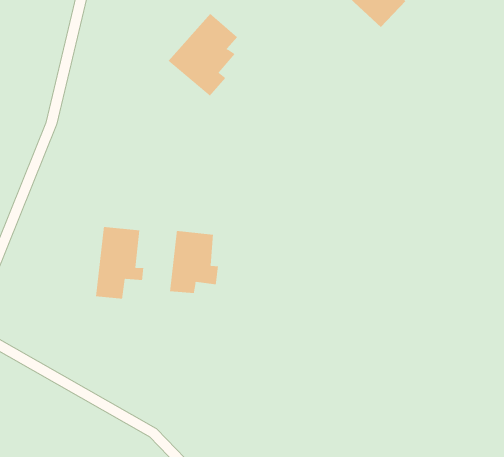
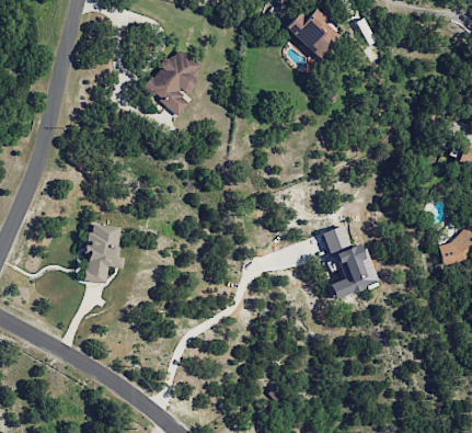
building: none -> [322,225,379,299]
building: [169,230,219,294] -> none

